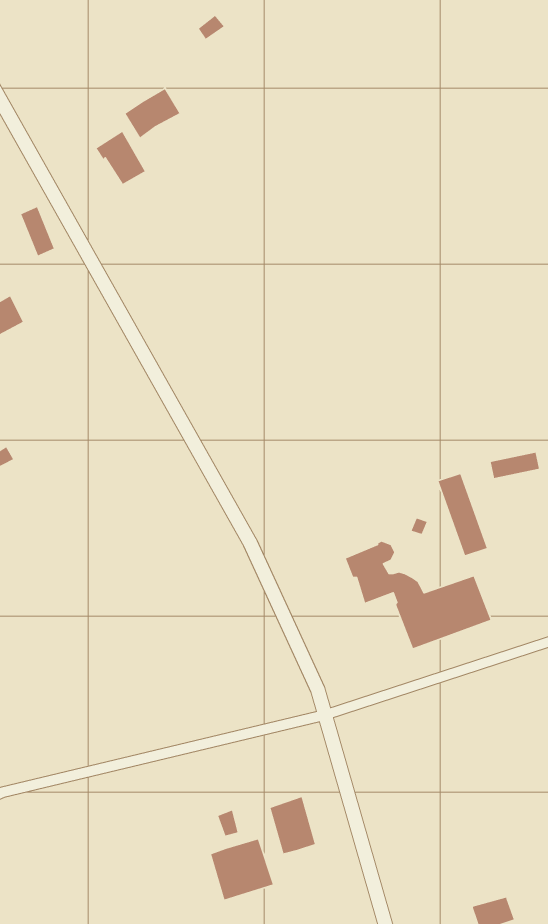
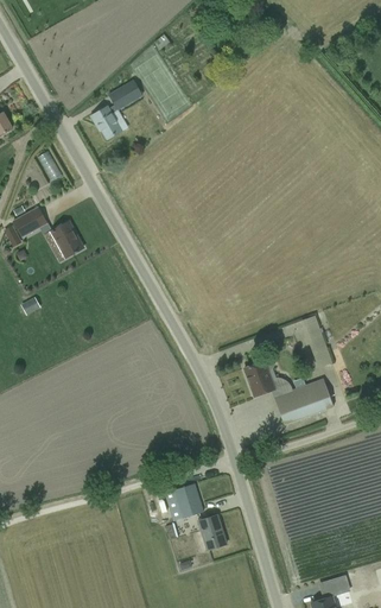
building: none -> [50,221,83,258]
building: [210,838,274,900] -> [164,483,203,521]

